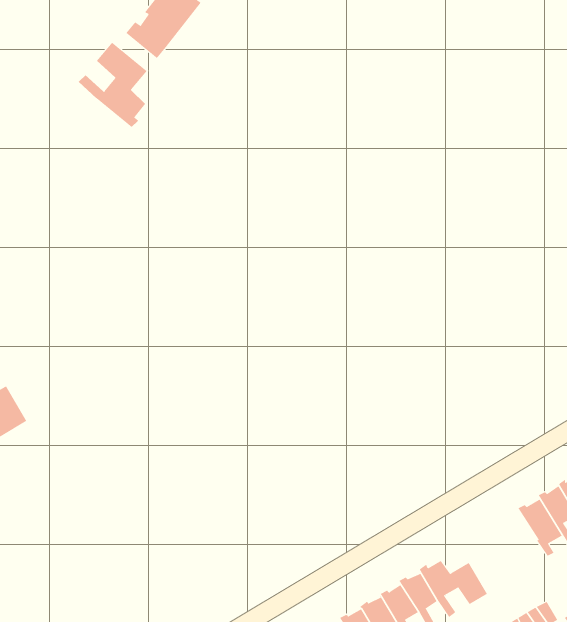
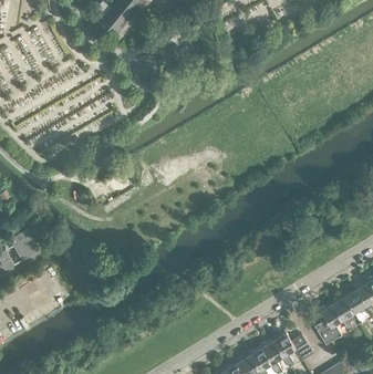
building: [78,42,148,128] -> none
building: none -> [313,303,342,346]

